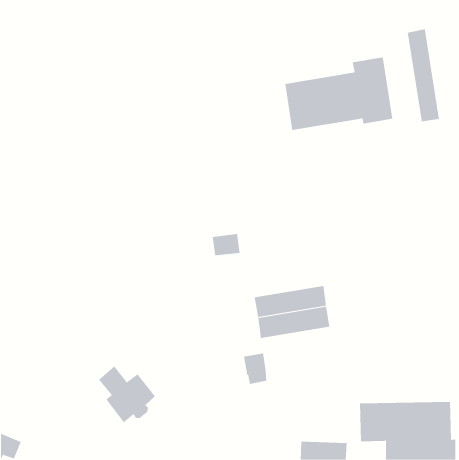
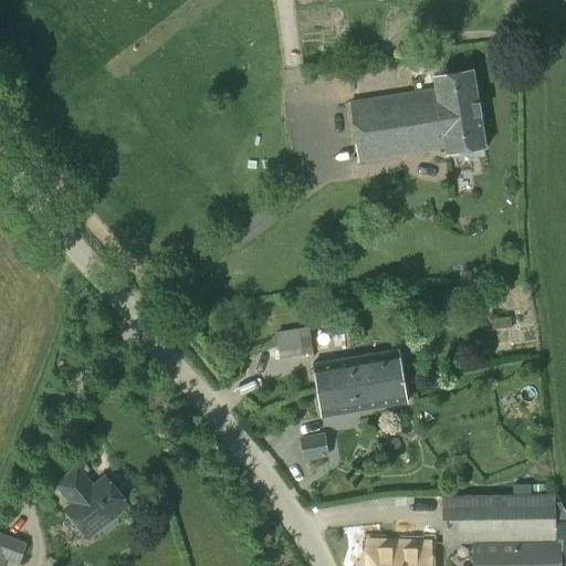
building: [407,28,440,122] -> none
building: [212,233,241,256] -> [277,328,313,356]
building: [98,365,156,423] -> [57,468,128,538]

